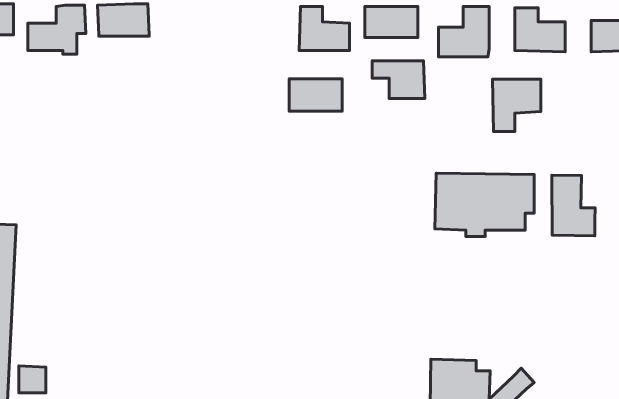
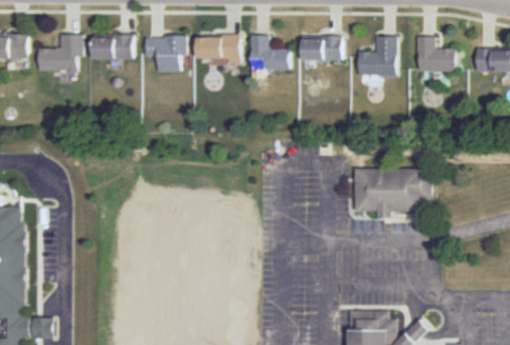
building: none -> [144,37,184,72]
building: [372,61,425,99] -> none
building: [289,79,342,111] -> [196,37,237,62]
building: [492,79,541,132] -> none
building: [552,175,595,236] -> none

